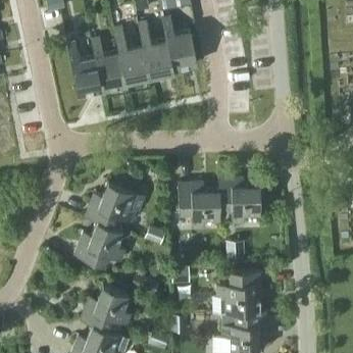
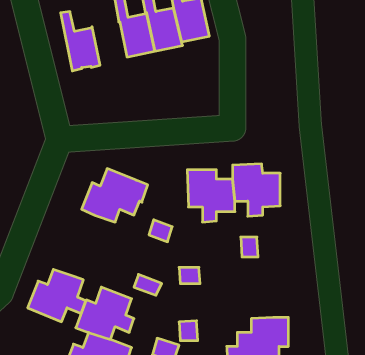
building: [91,38,127,90] -> none
building: [74,221,125,267] -> [28,269,86,322]
building: [213,271,263,313] -> none

